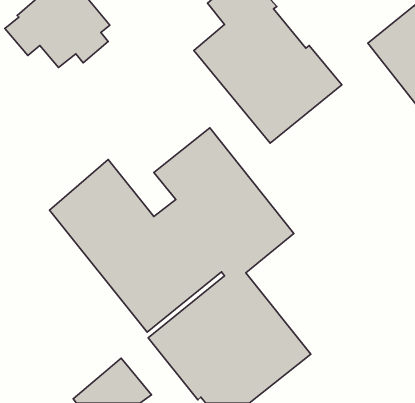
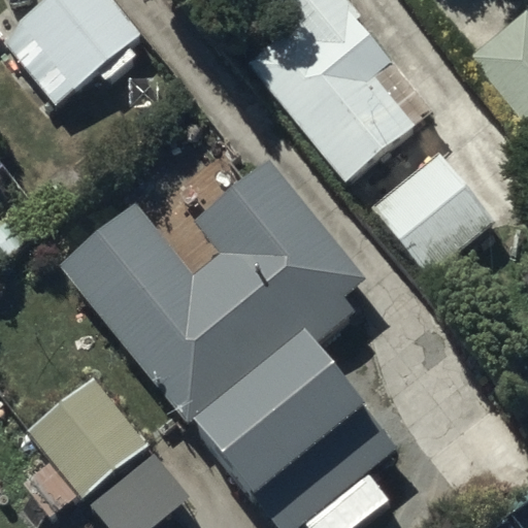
building: none -> [365,153,494,282]
building: none -> [28,373,151,498]

